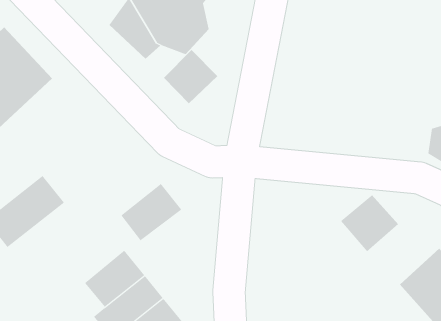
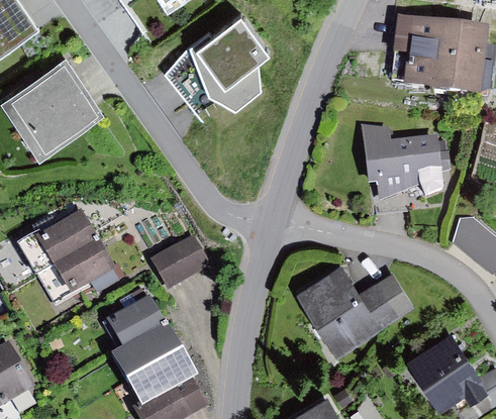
building: none -> [362,123,451,198]
building: [163,49,218,104] -> none
building: none -> [298,267,380,354]
building: none -> [36,237,114,301]

